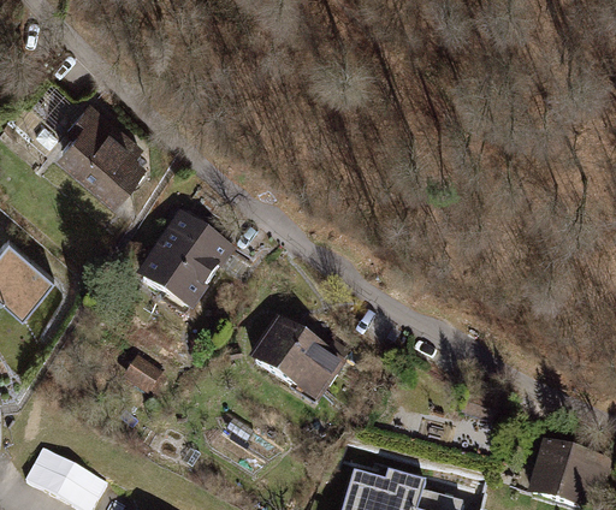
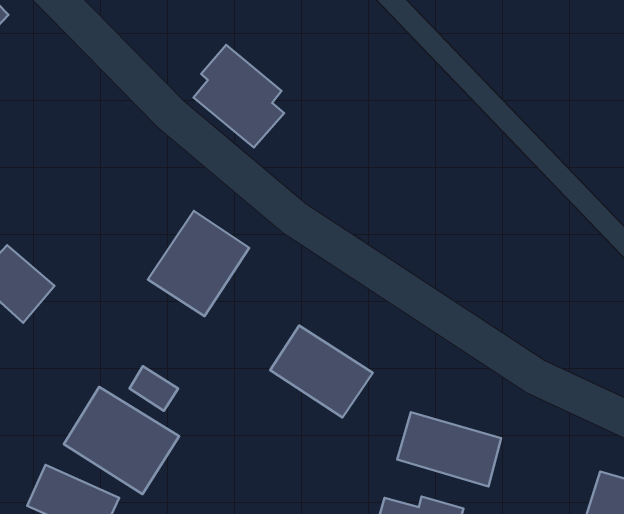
building: [61,102,144,196] -> [193,45,284,147]
building: none -> [64,387,179,494]
building: none -> [397,412,501,486]

